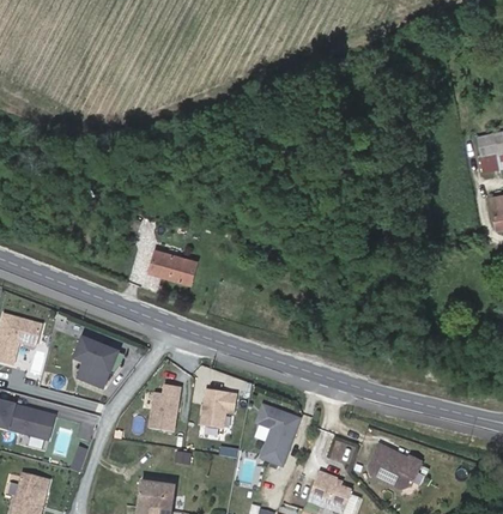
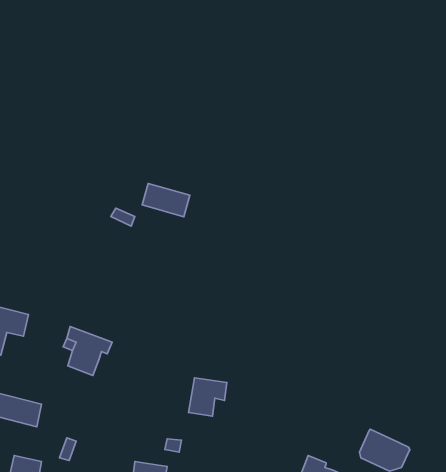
building: [152,256,200,290] -> [142,183,190,217]
building: [147,385,178,433] -> none
building: [253,403,297,464] -> none

